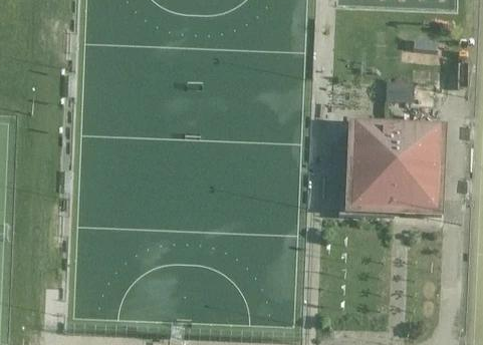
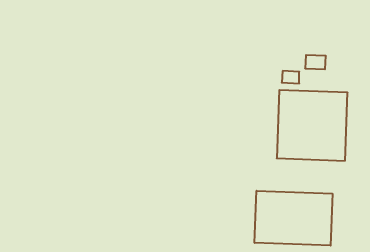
building: none -> [255,191,332,246]

